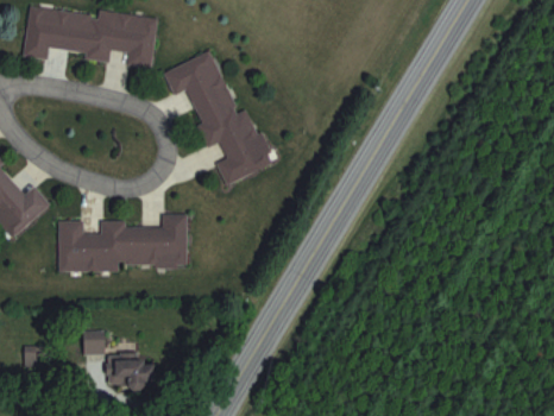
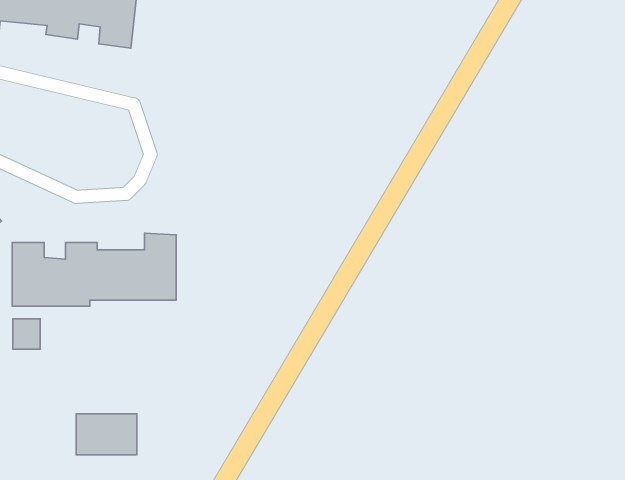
building: [163,51,270,183] -> none
building: [84,330,106,354] -> [13,319,40,349]

